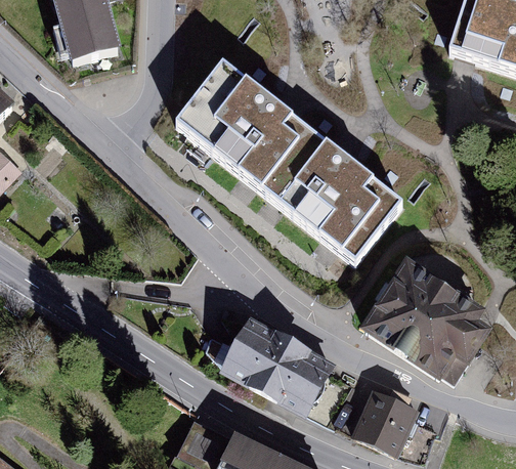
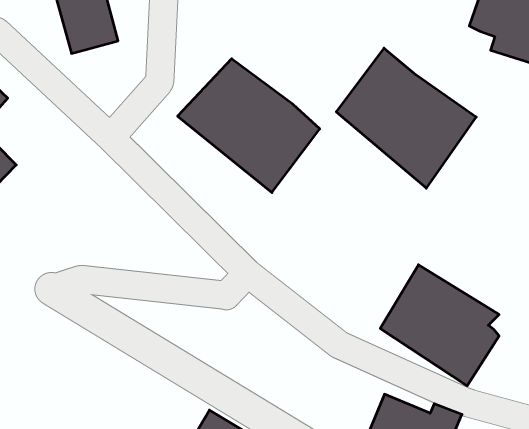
building: [264,133,399,268] -> [336,48,476,188]
building: [226,316,341,414] -> none

